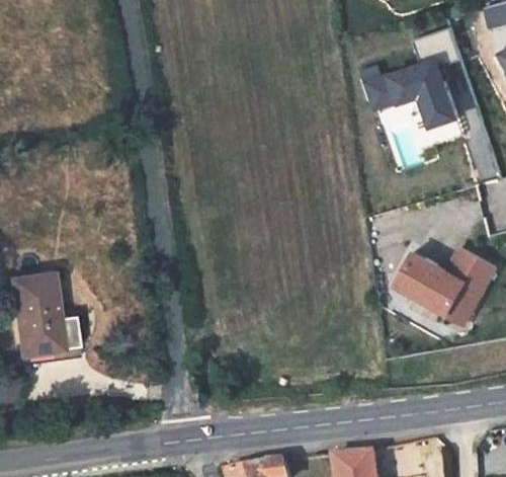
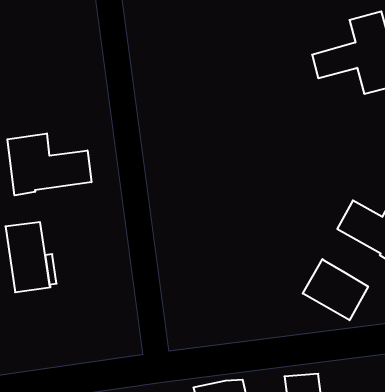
building: none -> [7,133,91,195]
building: none -> [303,259,368,320]

